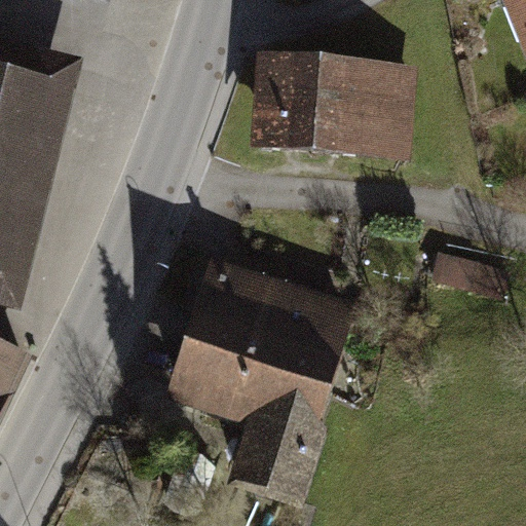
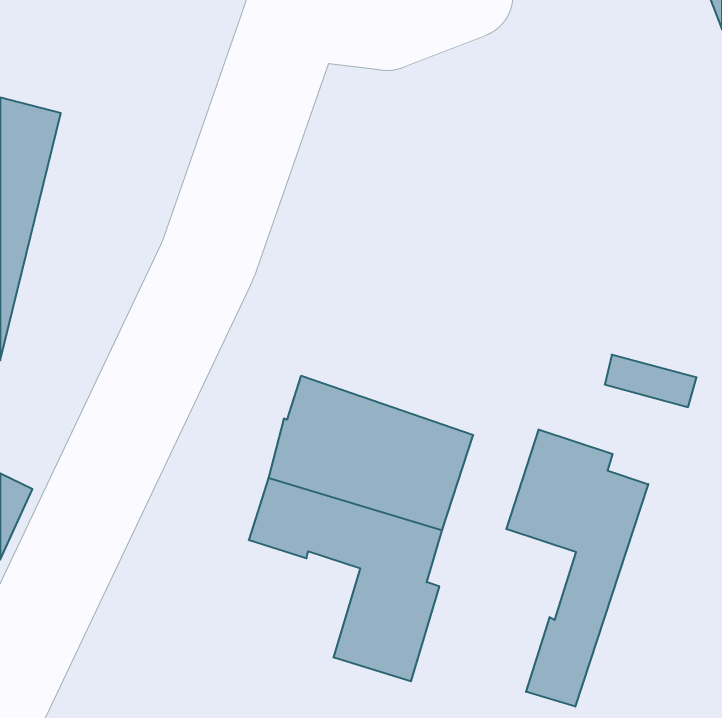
building: [274,59,407,155] -> none
building: none -> [506,429,648,707]

